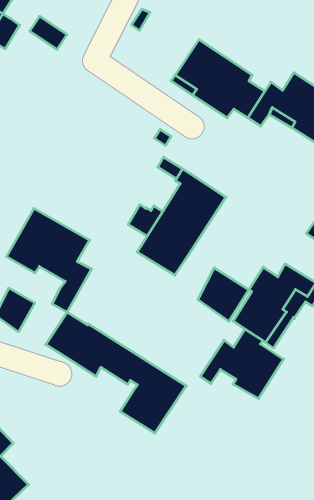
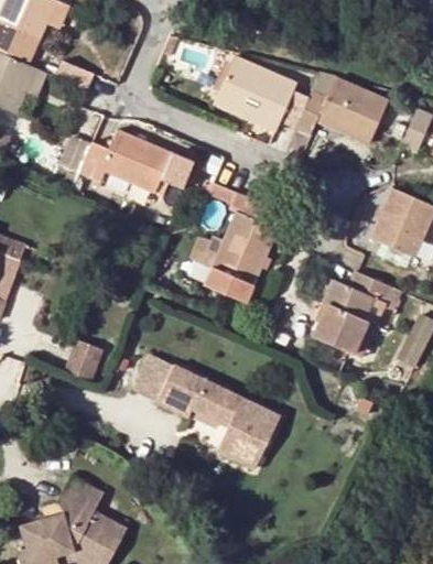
building: none -> [82,126,198,193]
building: [7,208,92,312] -> none
building: [198,268,249,321] -> none
building: [200,329,284,399] -> none

